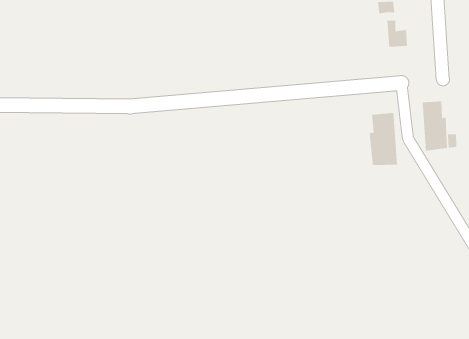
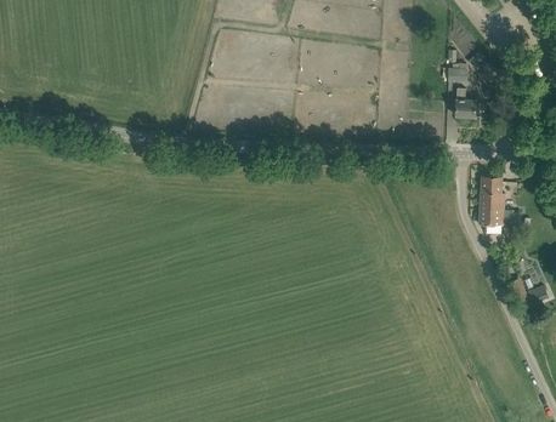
building: [369,112,398,166] -> none

